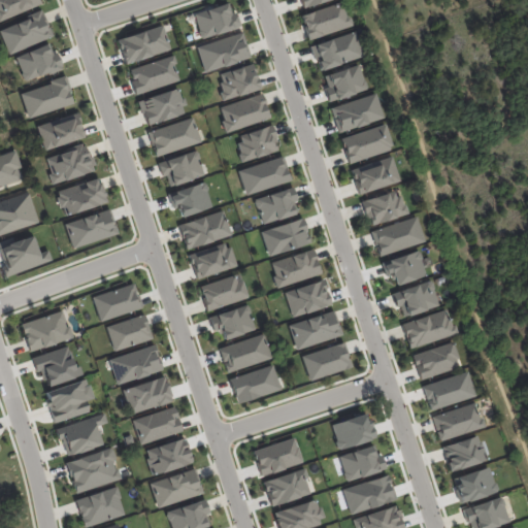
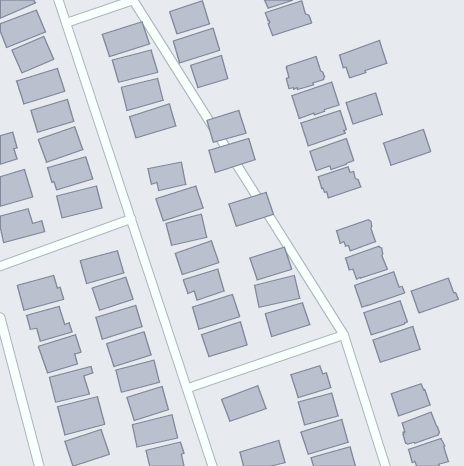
building: [311,30,365,72] -> [339,40,387,78]
building: [220,94,270,132] -> none
building: none -> [346,93,382,124]
building: [158,151,205,186] -> none
building: [255,187,298,224] -> none
building: [372,214,426,255] -> [383,130,431,165]
building: [271,250,322,286] -> none
building: [433,401,487,440] -> [411,278,458,313]
building: [264,469,311,505] -> none

